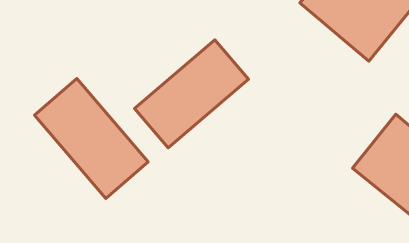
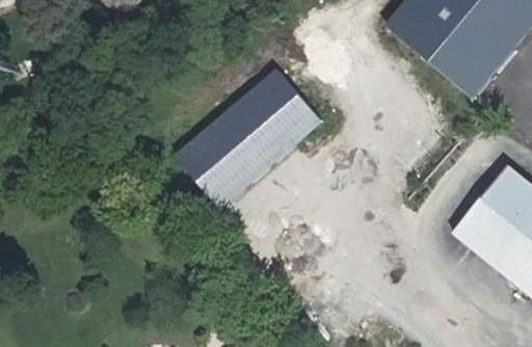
building: [34,79,148,198] -> none

